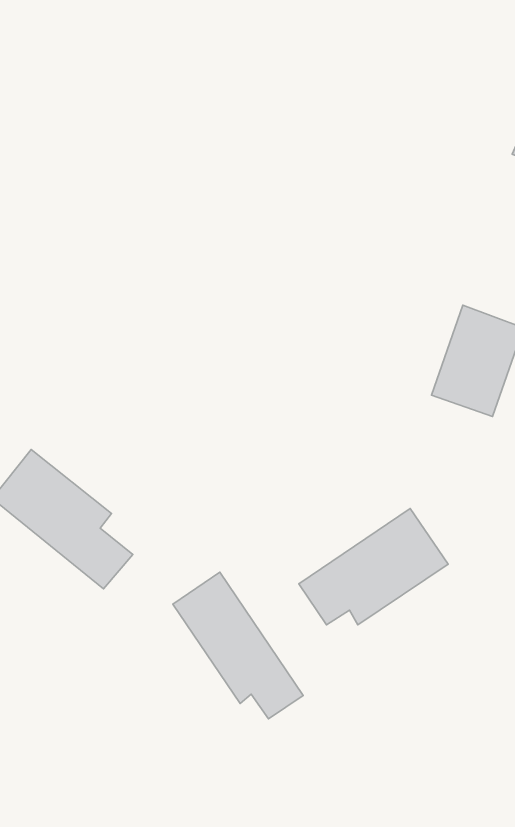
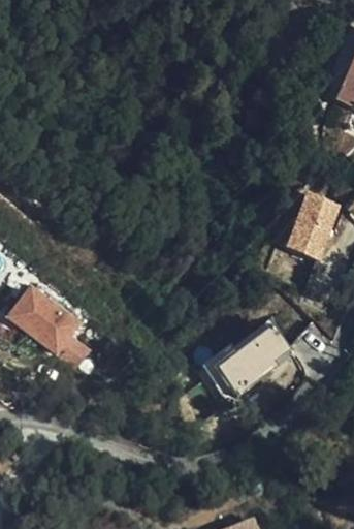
building: [173,572,303,719] -> none

